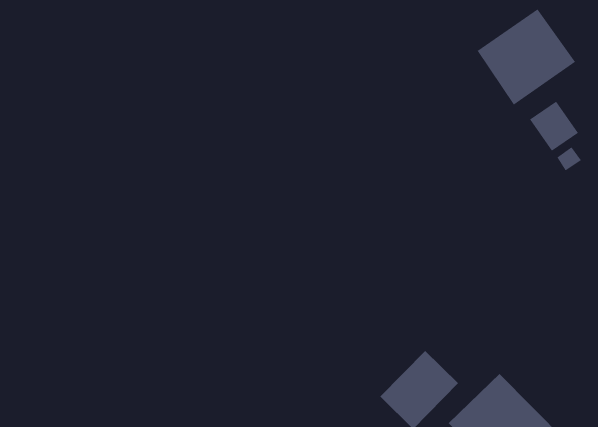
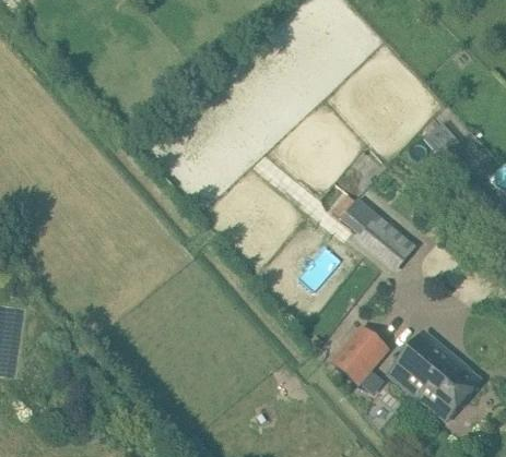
building: [477,8,576,106] -> none
building: none -> [341,195,417,269]

